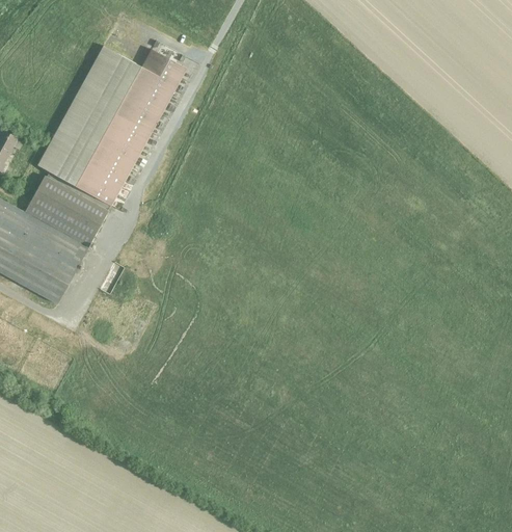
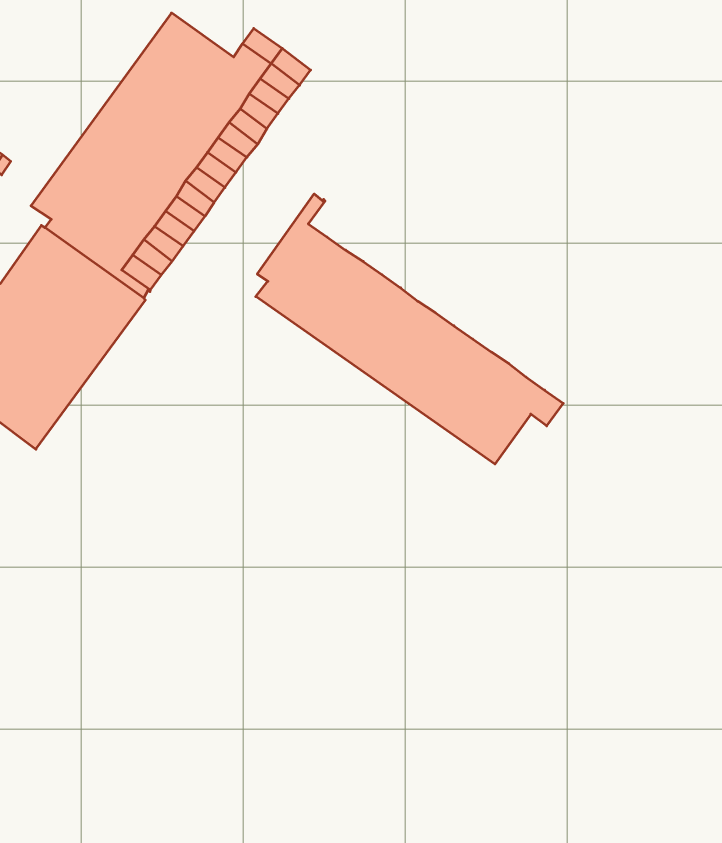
building: none -> [256,194,563,464]

